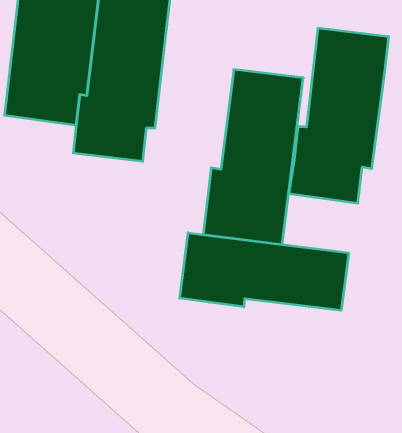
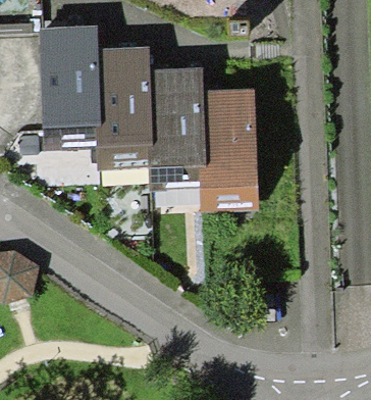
building: [289,28,389,203] -> [147,67,205,192]
building: [180,233,349,310] -> none

